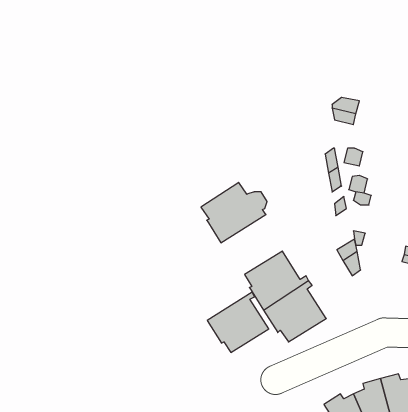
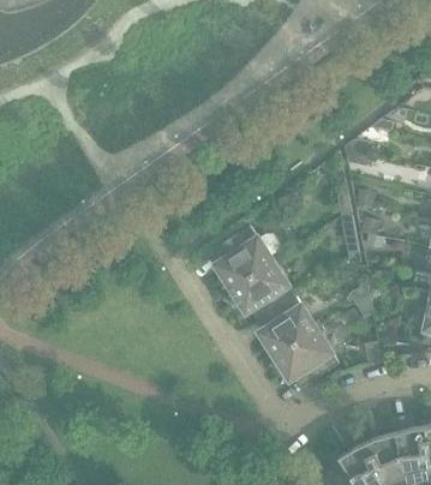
building: [207,292,269,352] -> [231,262,293,323]

